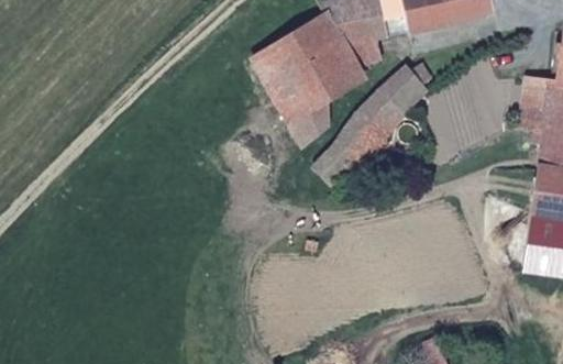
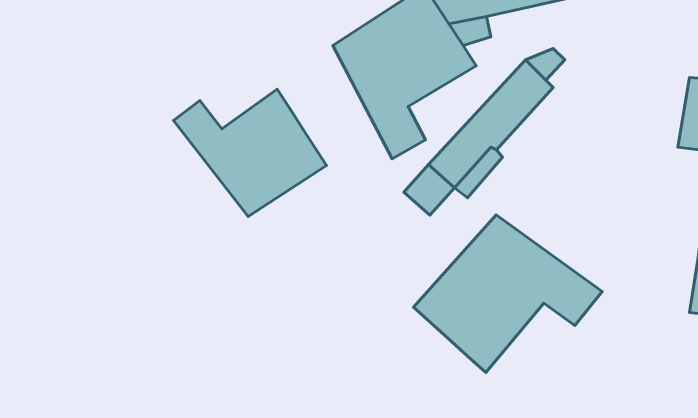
building: none -> [174,89,327,216]
building: none -> [413,215,602,373]

